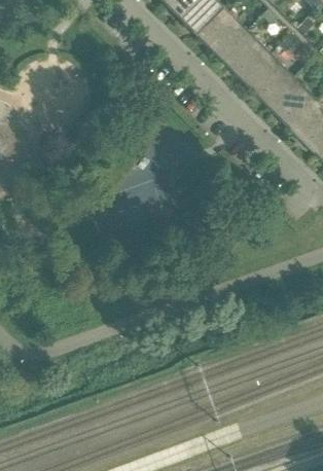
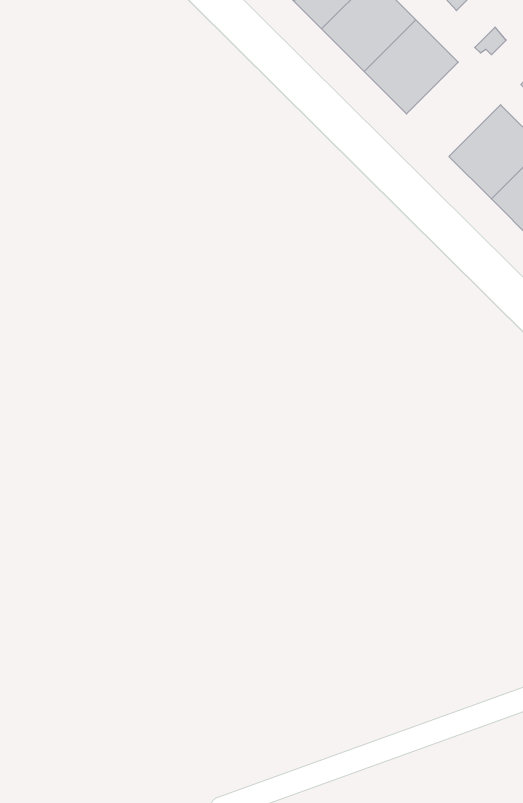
building: [228,38,281,90] -> none

